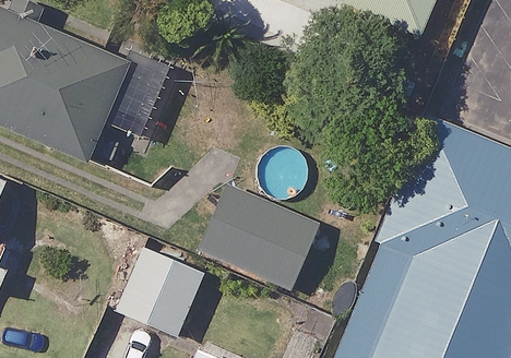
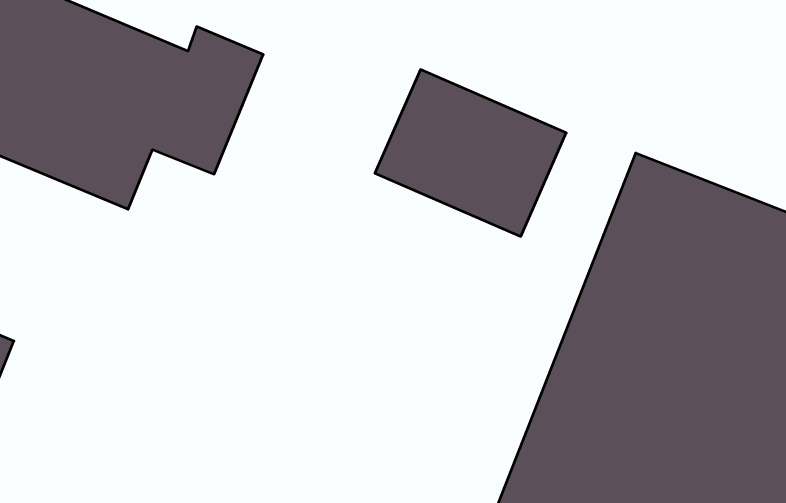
building: [201,186,320,289] -> [375,70,566,236]
building: [112,246,205,336] -> none

